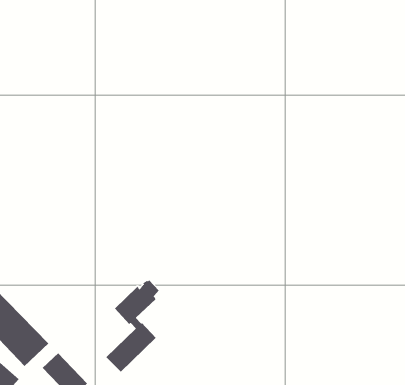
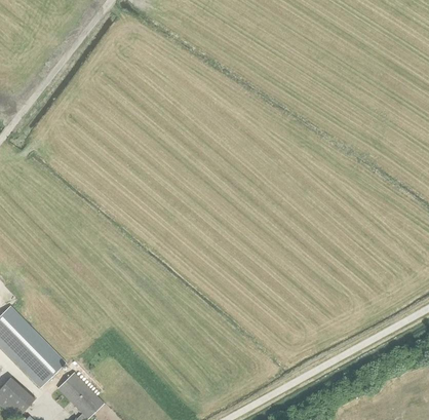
building: [106,280,159,372] -> none

